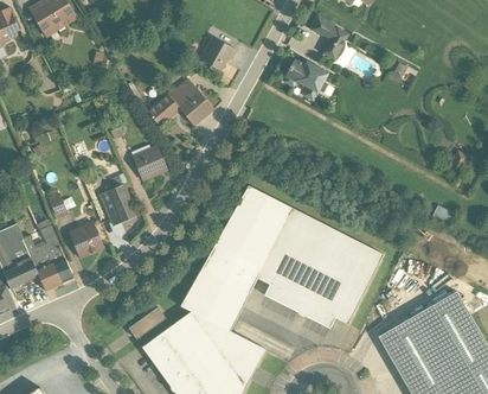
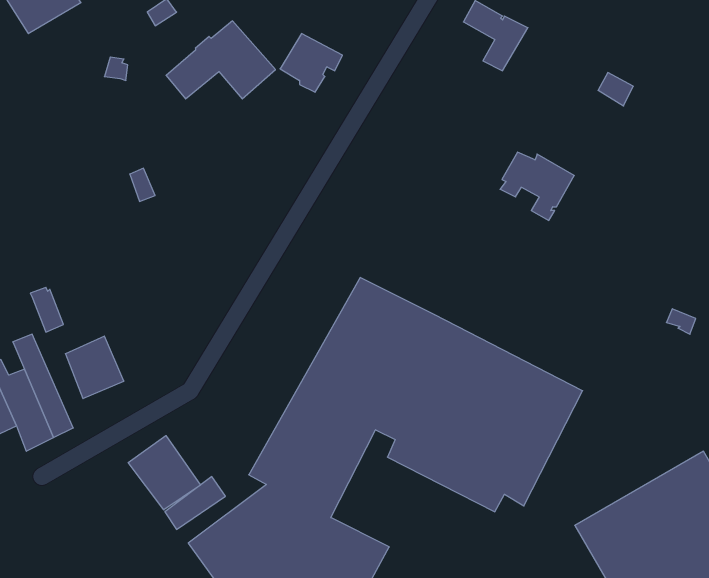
building: [283,59,328,101] -> [500,152,574,220]
building: [148,78,214,126] -> [166,21,275,99]
building: [131,144,168,182] -> none
building: [98,173,137,225] -> none
building: none -> [128,436,201,510]

